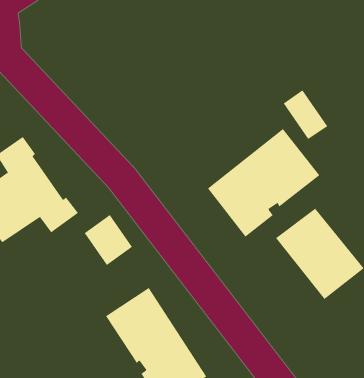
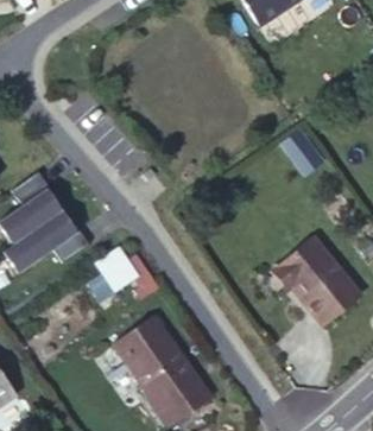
building: [207,128,320,237] -> none

